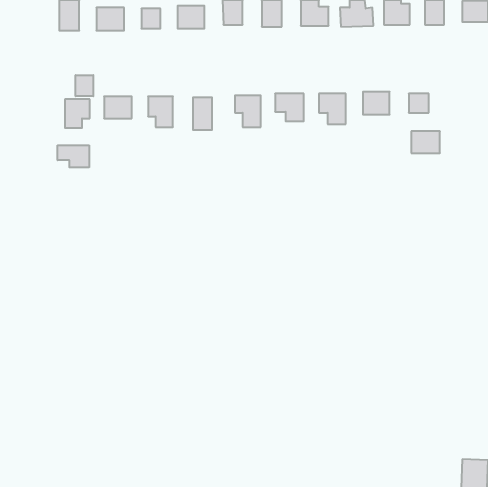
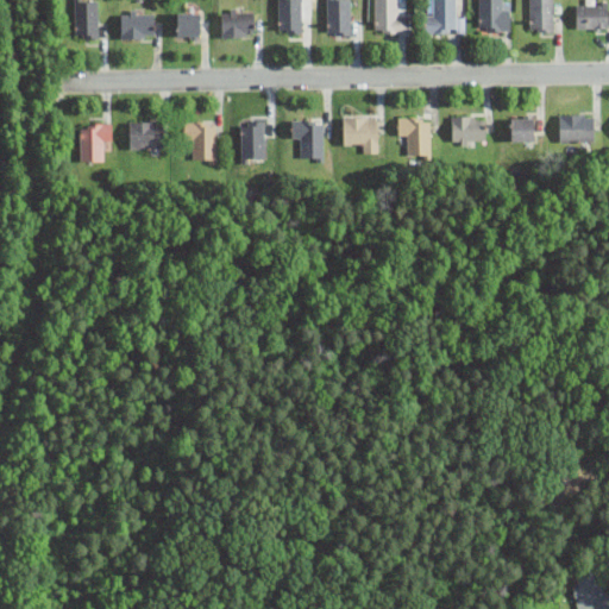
building: [76,75,93,96] -> none
building: [411,131,440,153] -> [558,114,594,142]
building: [58,145,89,167] -> none

